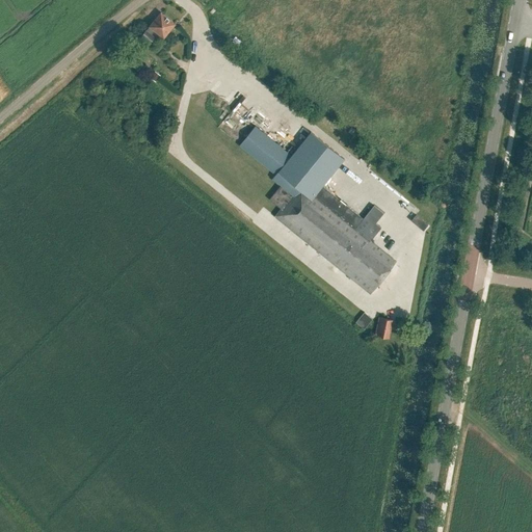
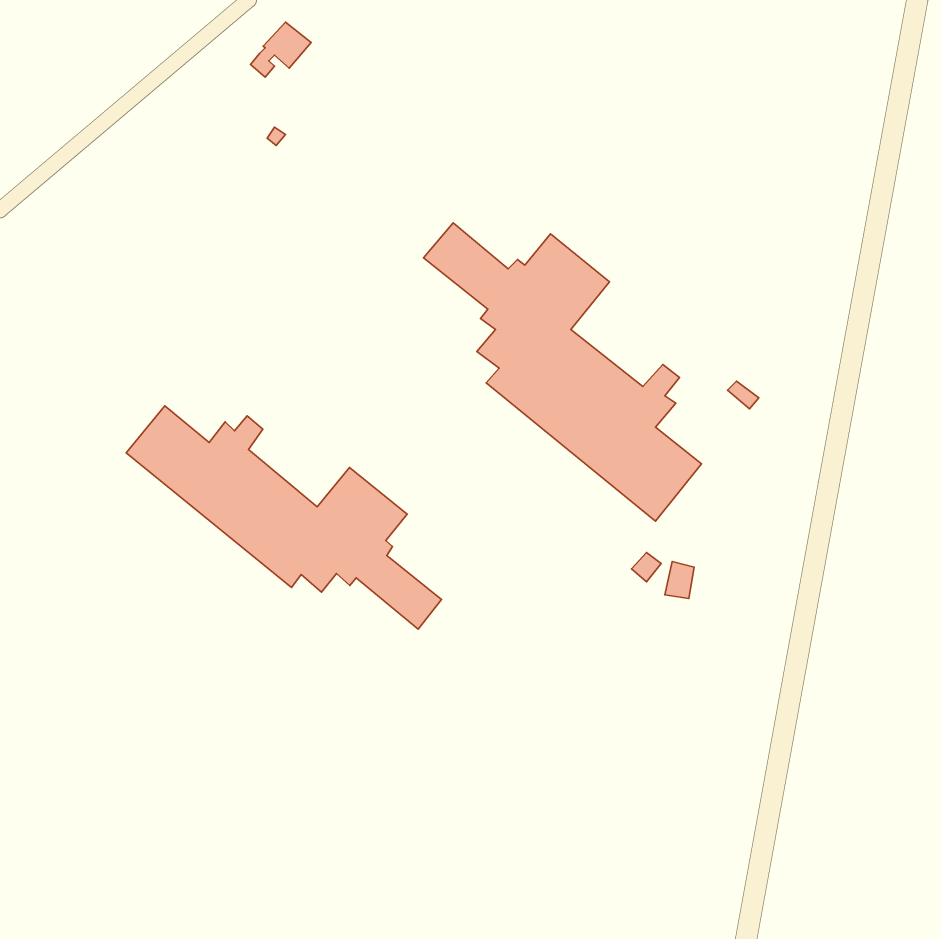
building: none -> [126,406,442,629]

